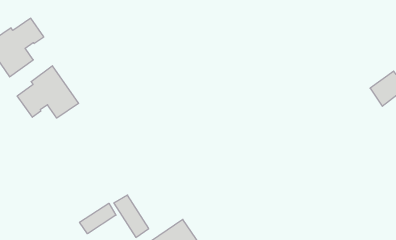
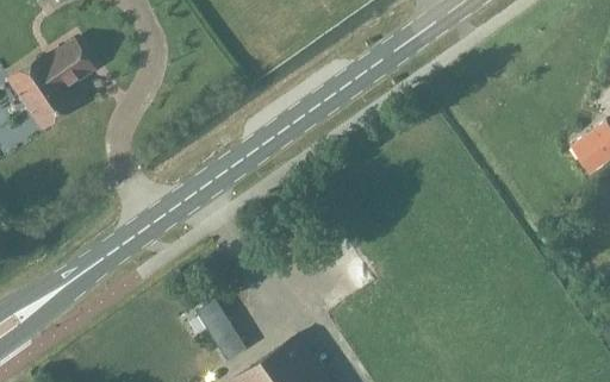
building: [17,66,79,118] -> none
building: [80,203,116,234] -> none

